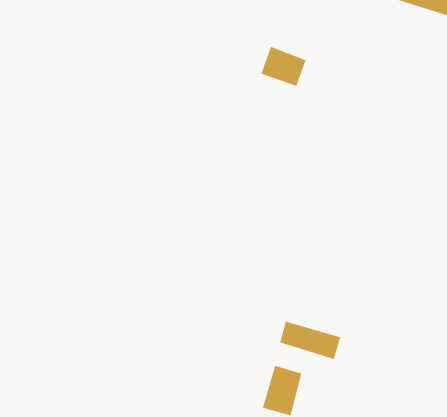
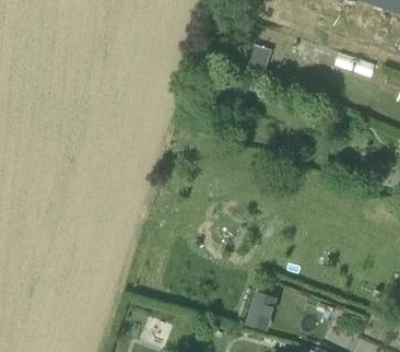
building: [279,321,341,360] -> none

